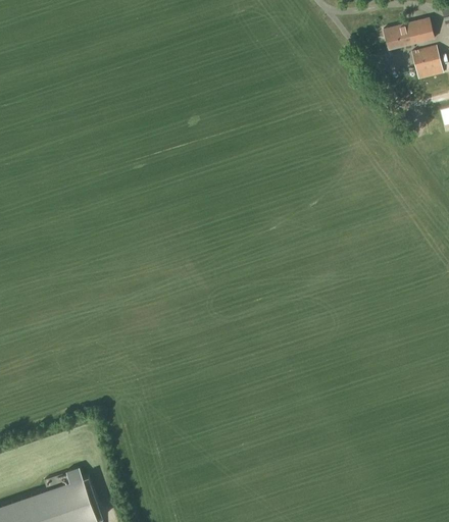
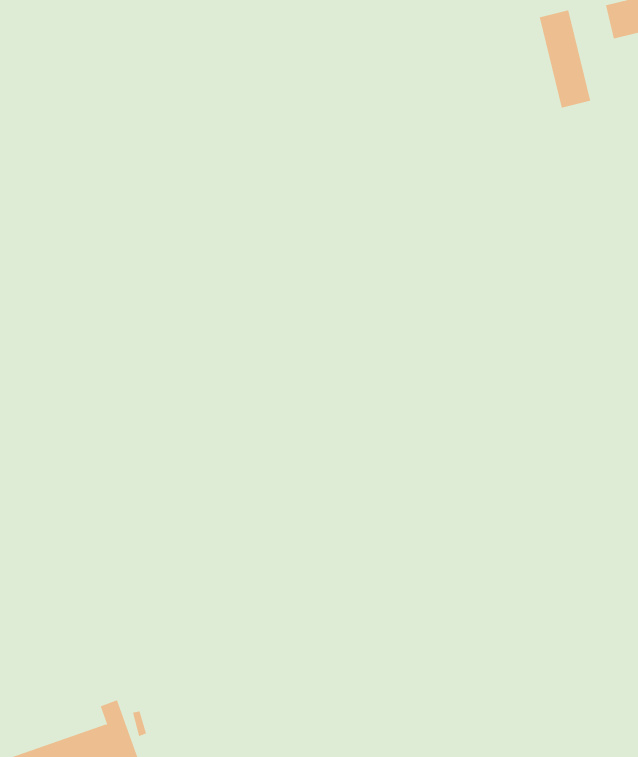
building: none -> [539,9,591,109]

